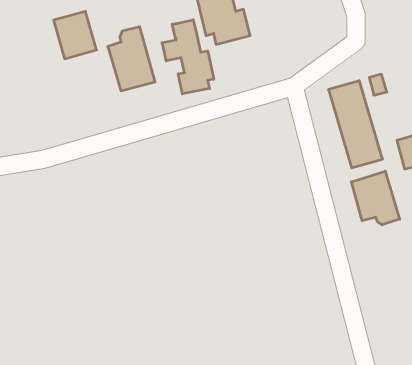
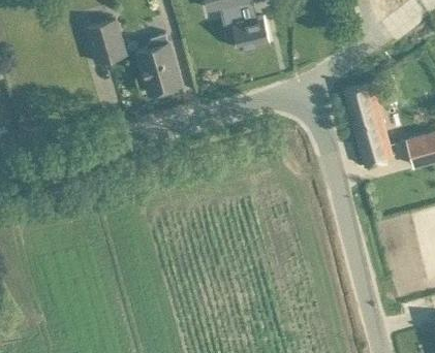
building: [162,20,214,94] -> none
building: [351,171,400,225] -> none

